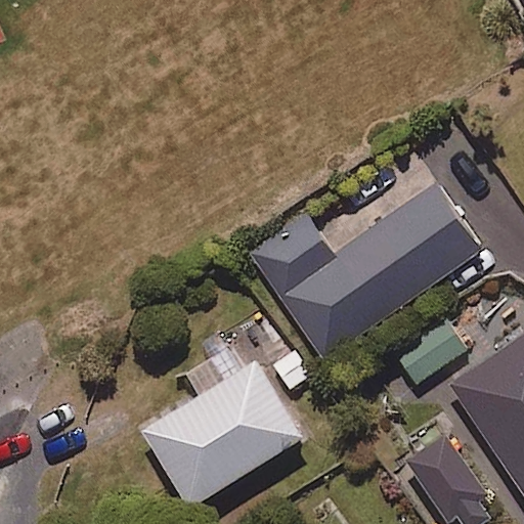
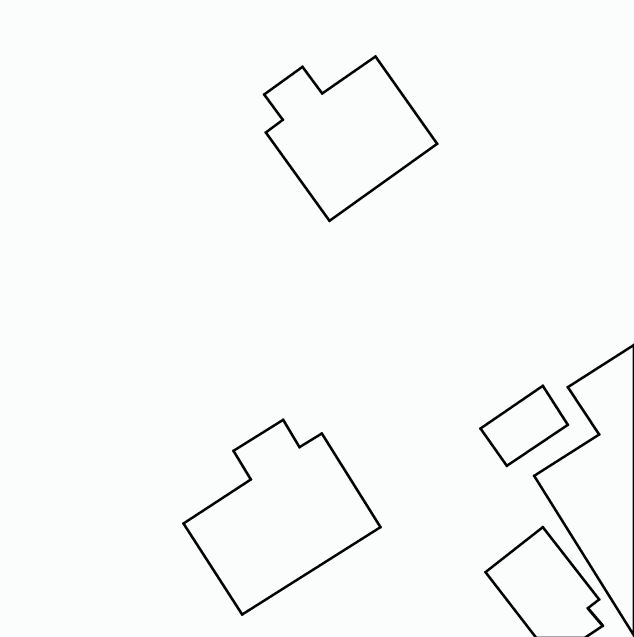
building: none -> [264,56,437,221]
building: [250,181,485,360] -> none

